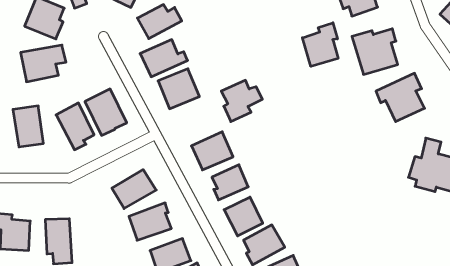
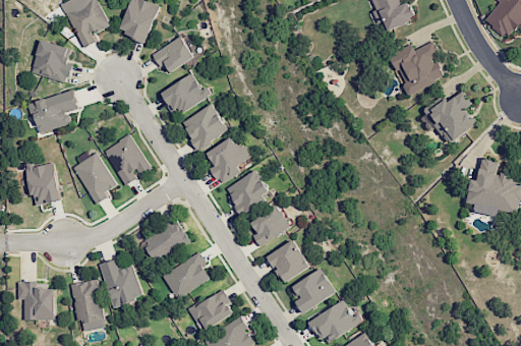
building: [302,23,338,66] -> none
building: [221,80,262,122] -> [206,137,251,184]
building: none -> [99,258,142,307]

